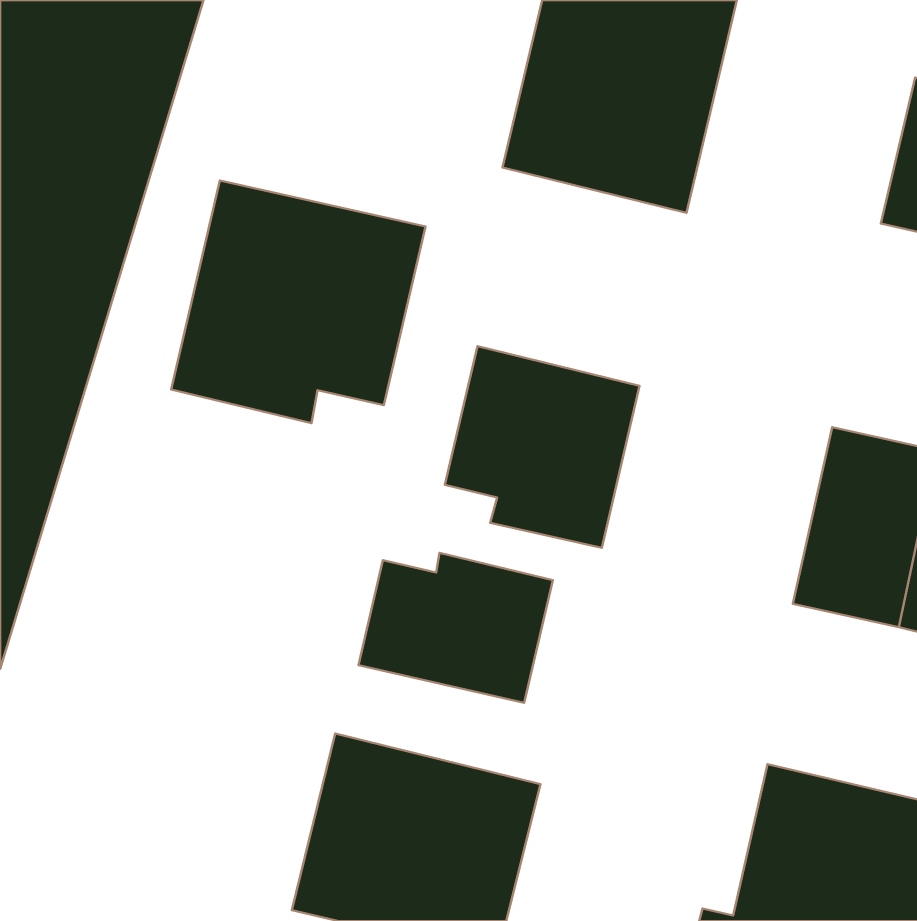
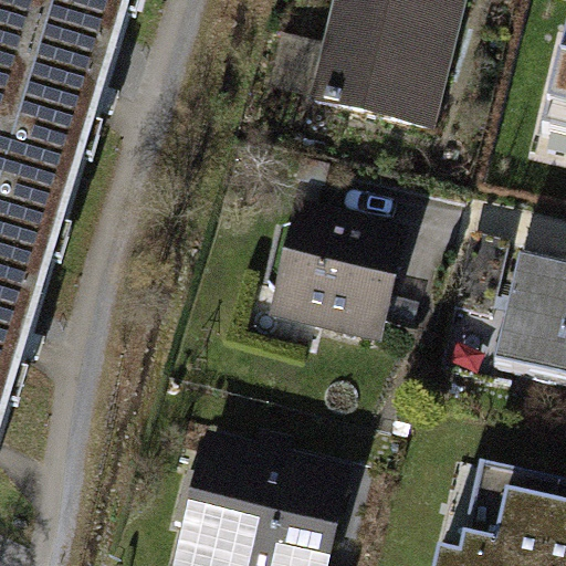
building: [171,181,425,423] -> none
building: [358,553,553,703] -> none

